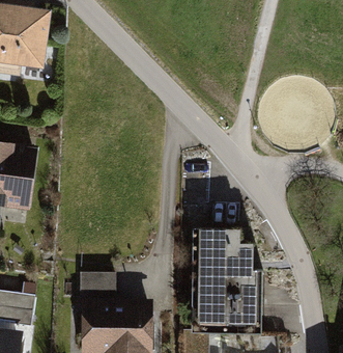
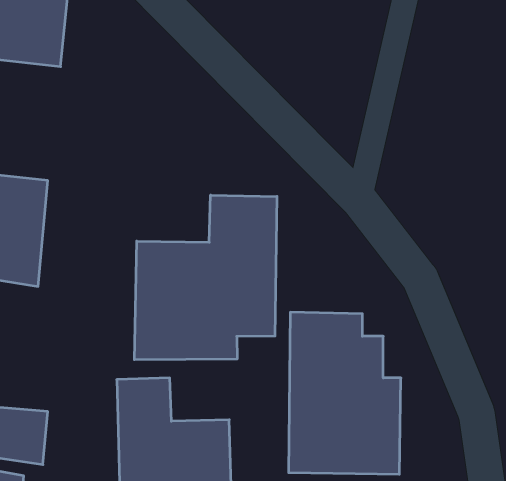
building: none -> [134,195,277,360]

